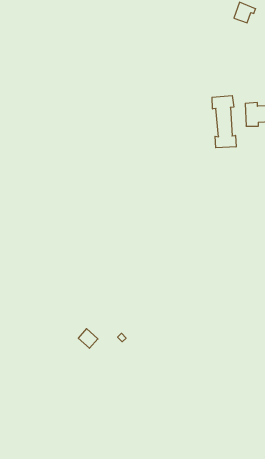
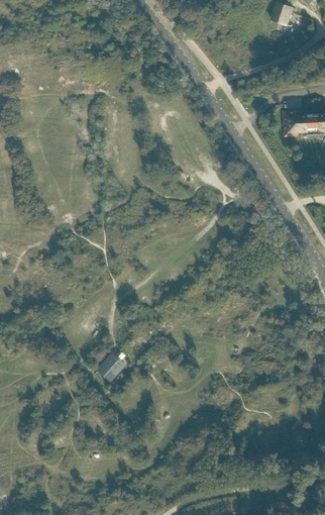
building: [212,96,236,148] -> none

